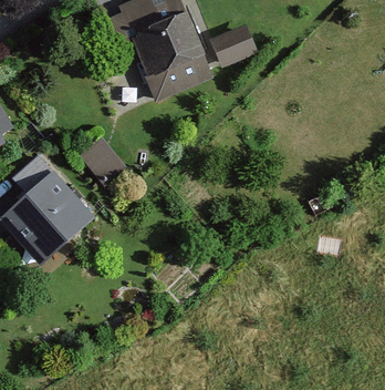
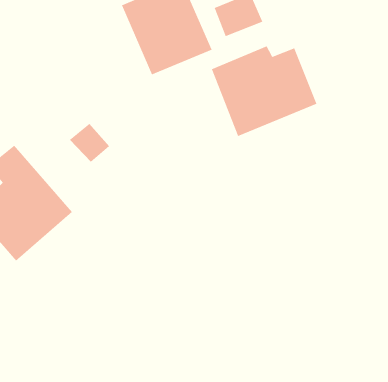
building: none -> [211,46,317,137]

